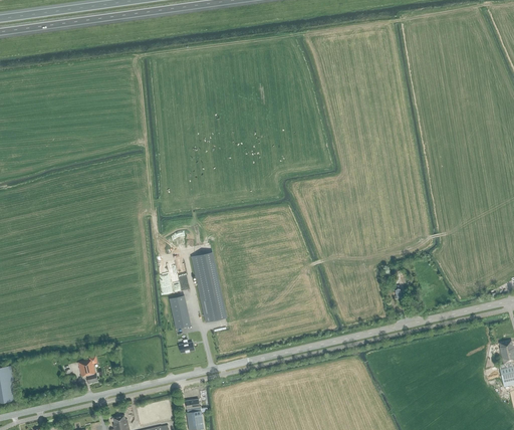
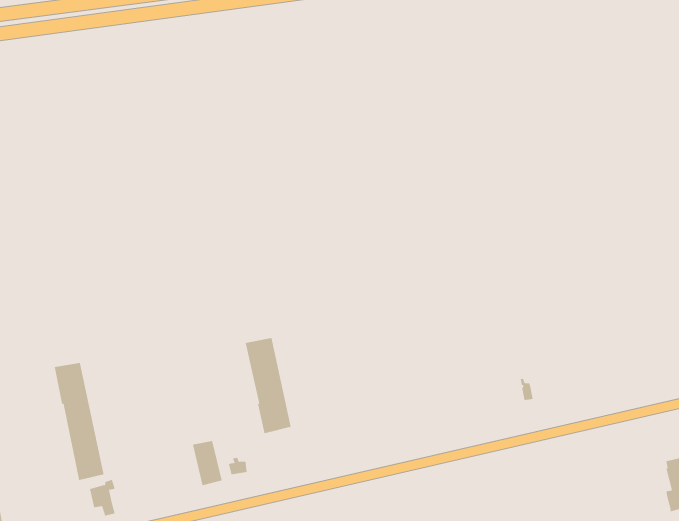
building: none -> [54,362,104,481]
building: [169,296,191,330] -> [192,440,222,486]

